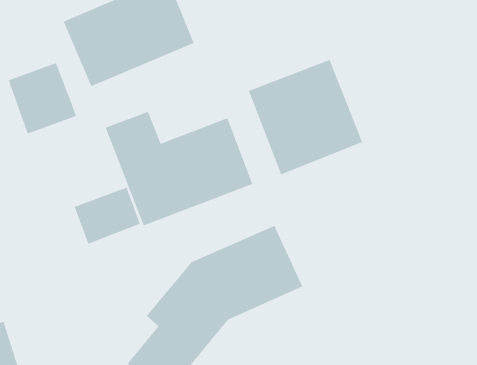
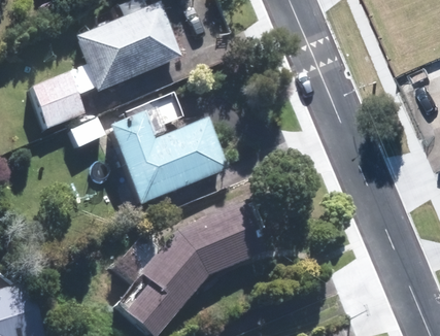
building: [248,59,363,175] -> none
building: [74,187,141,244] -> none

